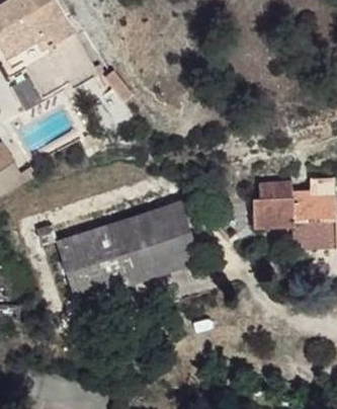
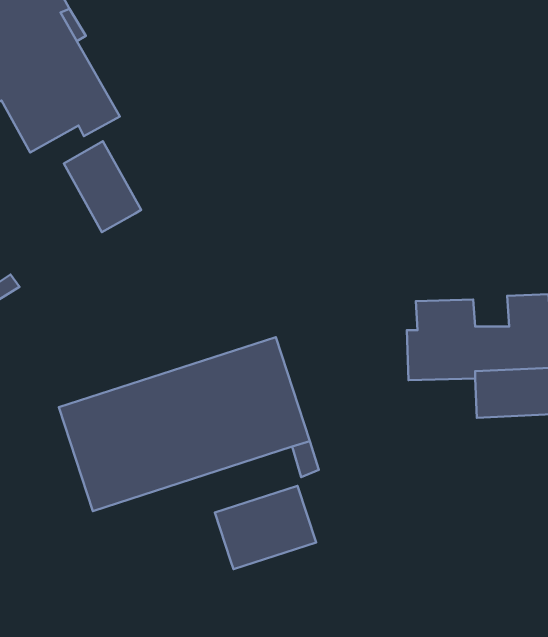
building: none -> [64,141,141,232]
building: none -> [215,486,316,569]

